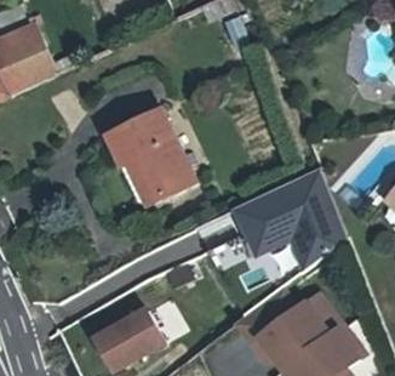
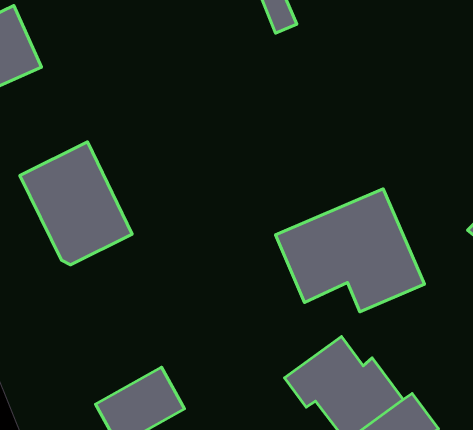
building: [105,106,194,203] -> [20,142,132,265]

